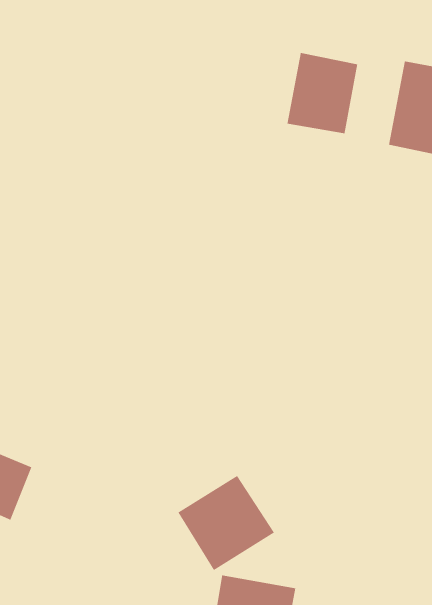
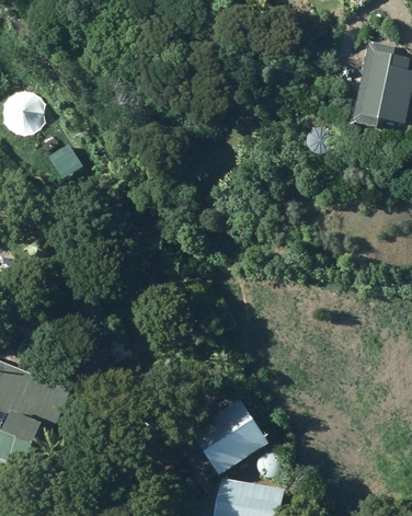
building: [287,52,358,134] -> none

